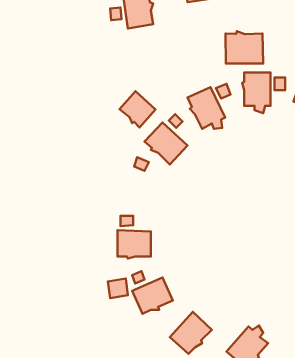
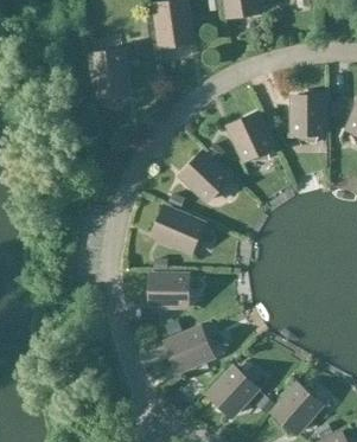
building: [225,31,263,64] -> none
building: none -> [91,51,127,97]
building: [120,91,156,127] -> none
building: none -> [152,209,203,252]

